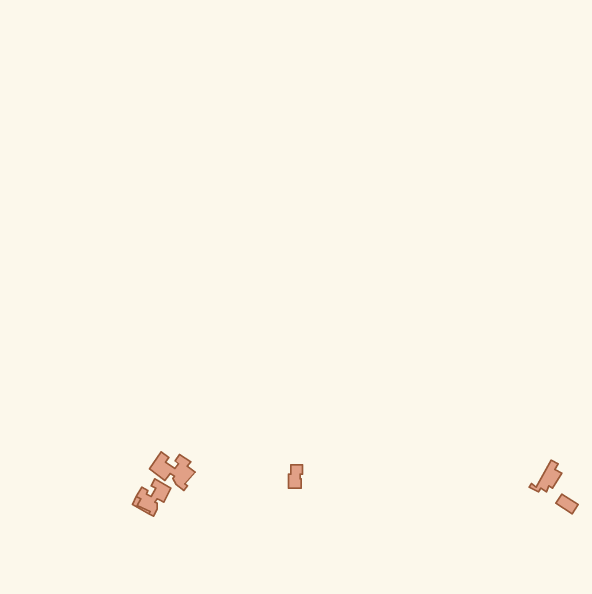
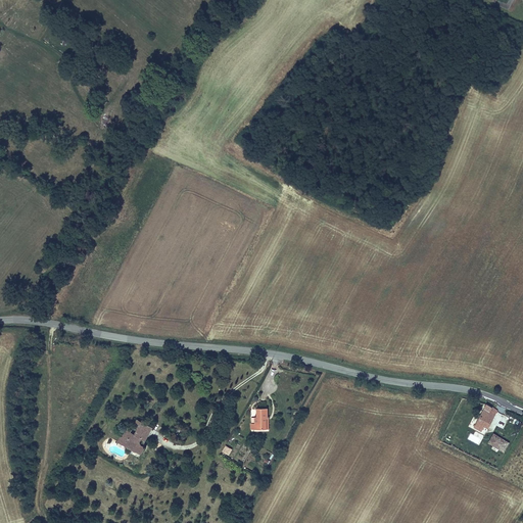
building: [149,452,195,490] -> none

